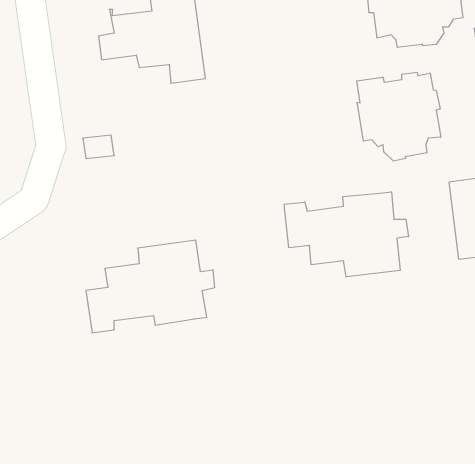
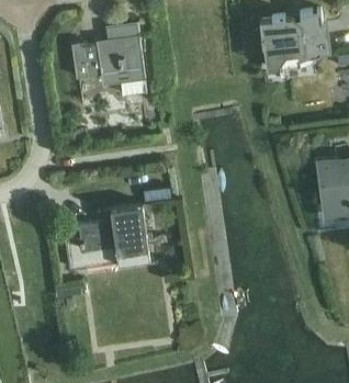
building: [357,72,441,161] -> none
building: [284,192,409,277] -> none

